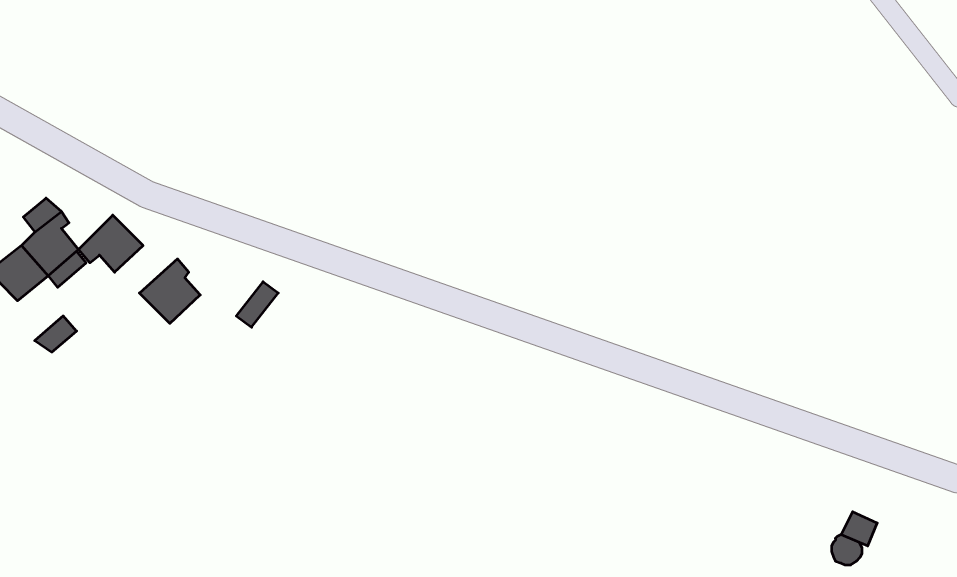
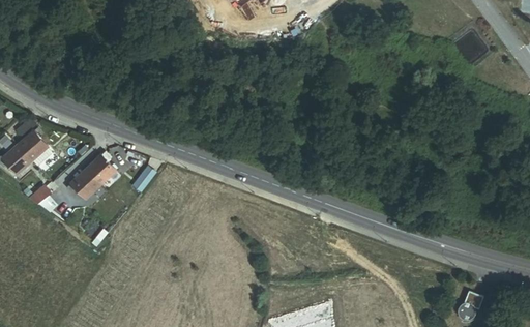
building: [78,215,143,272] -> [63,171,98,202]

